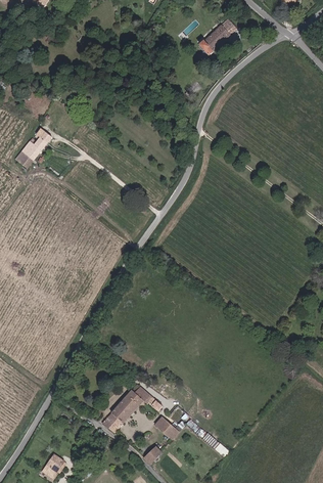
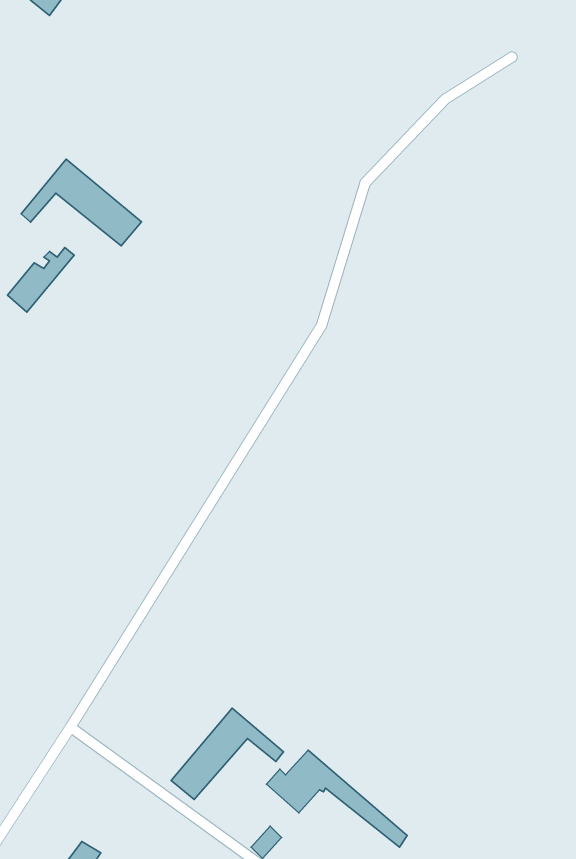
building: [197,19,236,55] -> none
building: none -> [21,159,141,246]

